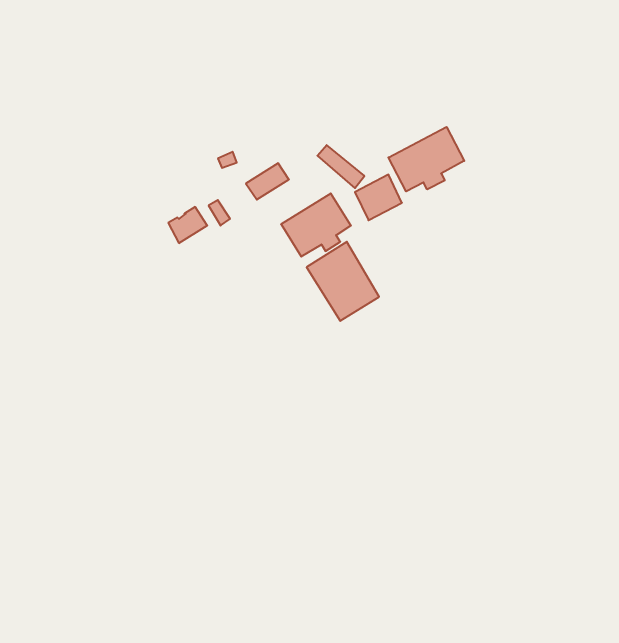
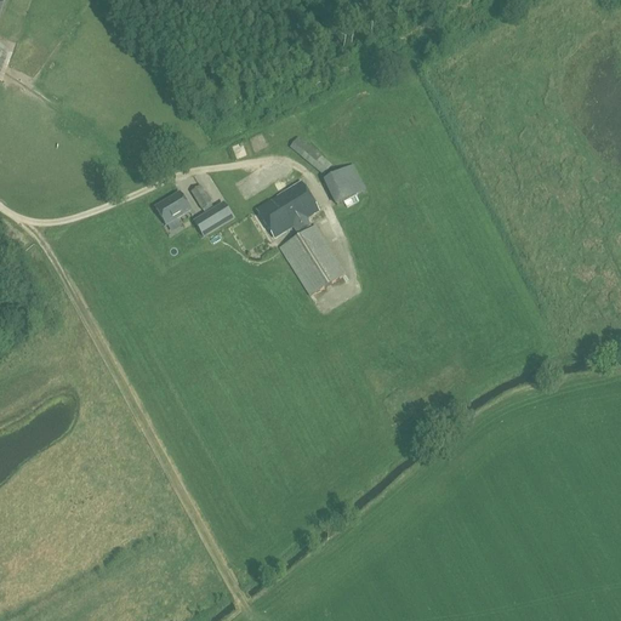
building: [388,127,464,191] -> none
building: [246,163,289,200] -> [193,203,232,235]

